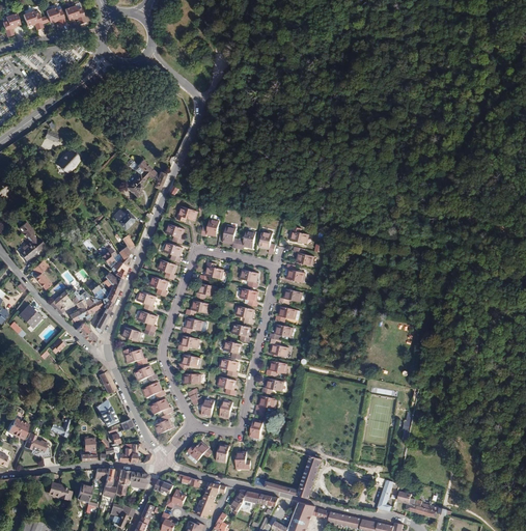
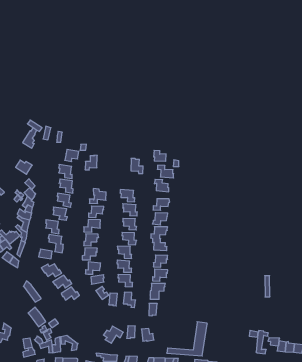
building: [222,225,255,249] -> none
building: [149,398,173,435] -> none

